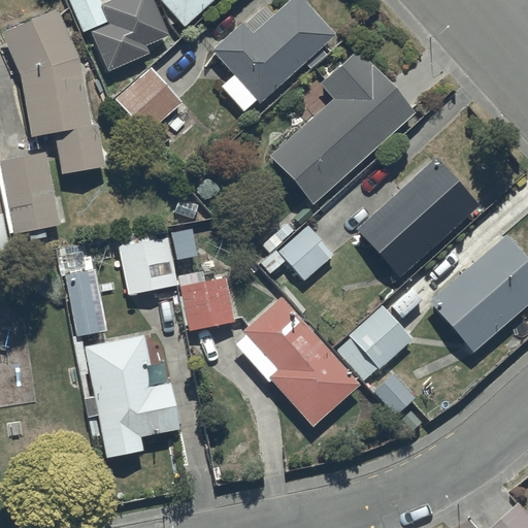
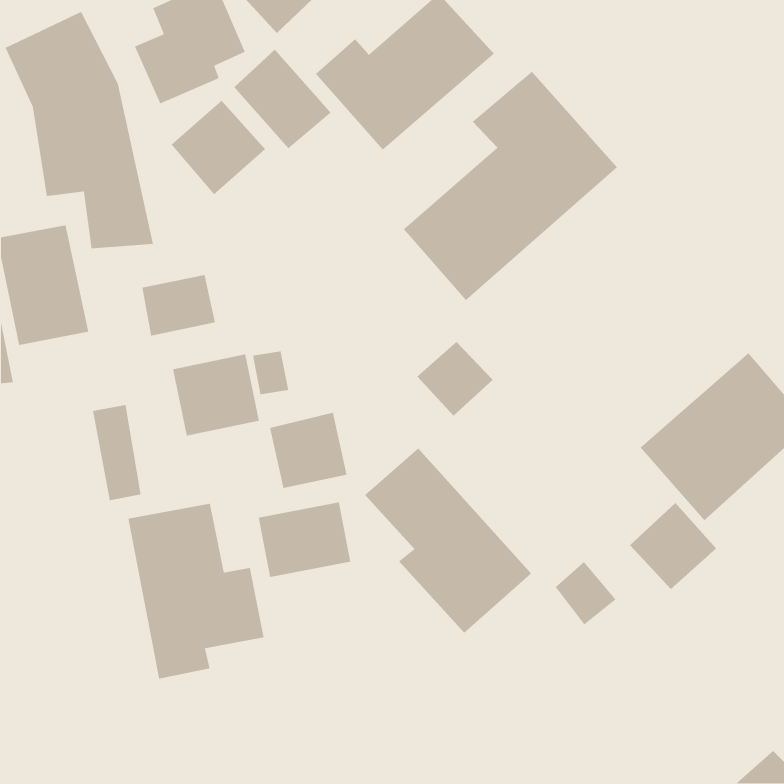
building: none -> [234,49,332,149]
building: [355,158,477,276] -> none
building: none -> [142,274,216,336]
building: [352,308,410,367] -> [629,502,717,590]
building: none -> [258,501,351,578]

